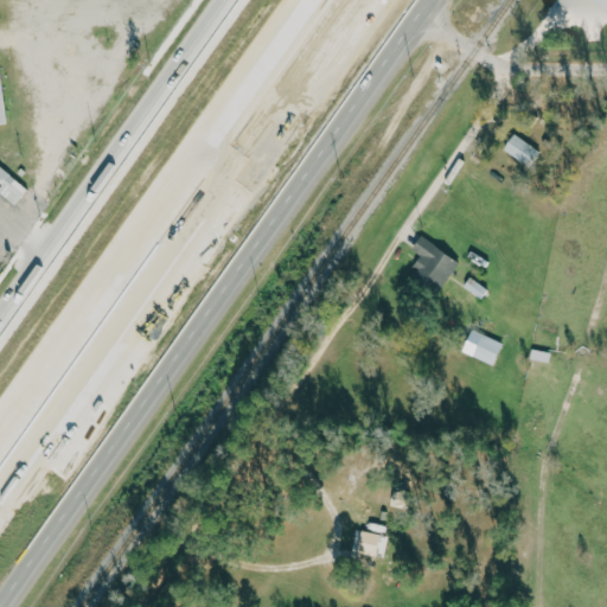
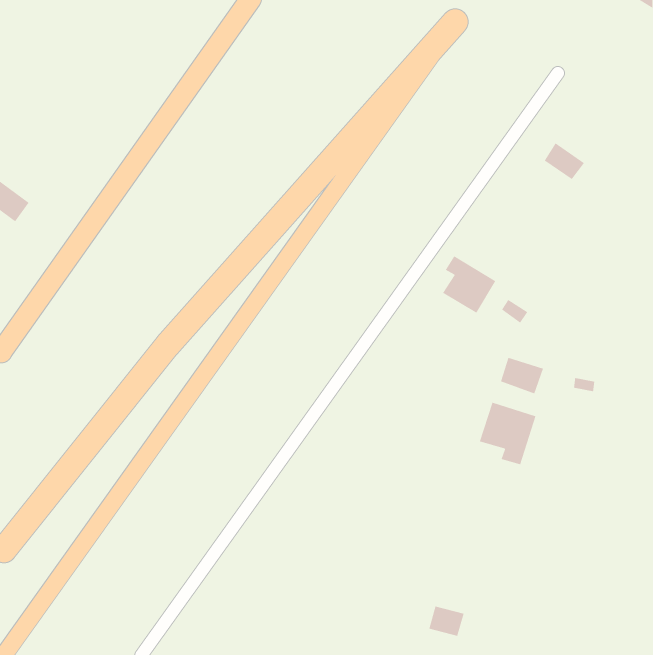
building: none -> [479,402,536,465]
building: [354,530,388,558] -> [428,606,464,637]

